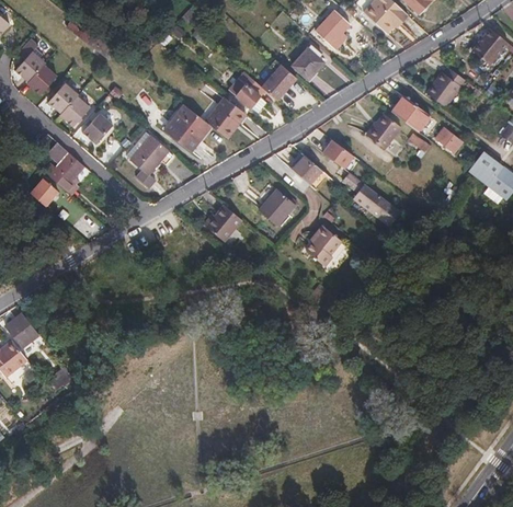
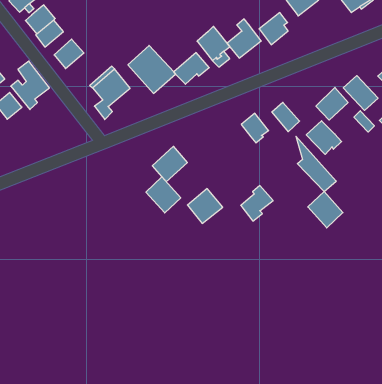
building: none -> [306,121,342,154]
building: [259,188,296,226] -> [187,189,223,223]
building: none -> [308,192,343,228]
building: none -> [146,177,181,213]

